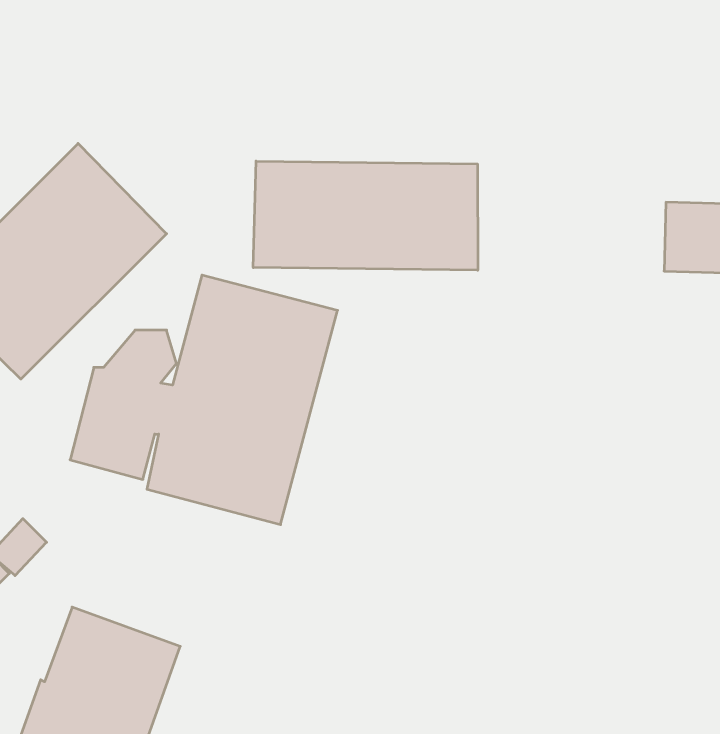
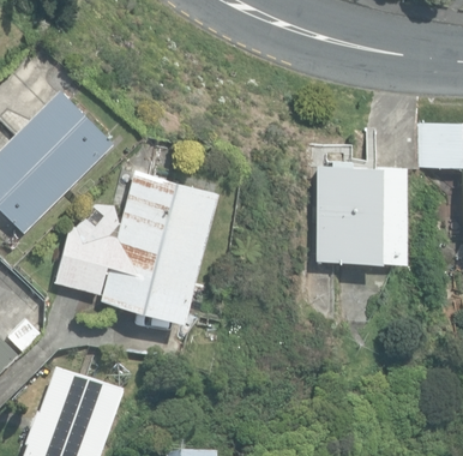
building: [253,161,478,270] -> none
building: none -> [315,164,405,263]

